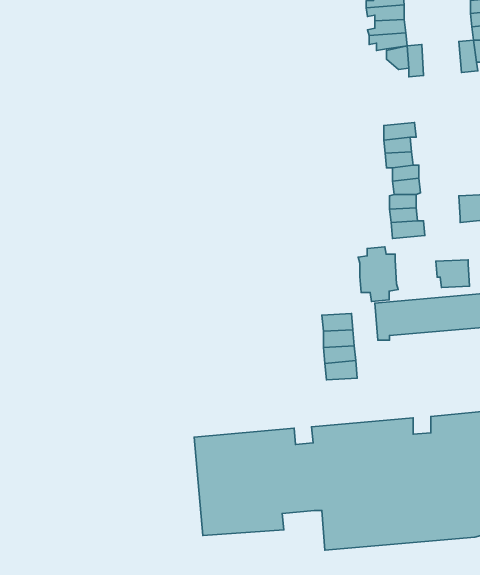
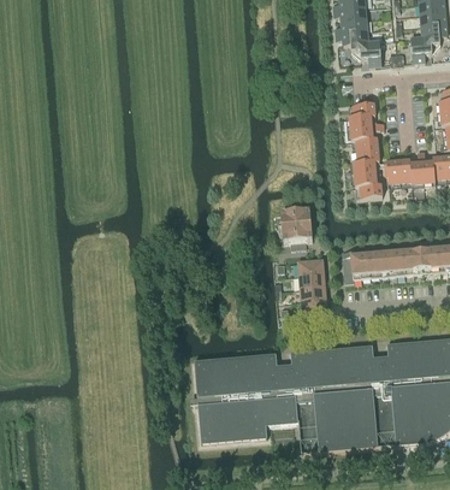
building: [358,247,398,301] -> [280,203,313,248]
building: [436,260,470,288] -> [384,159,411,182]

